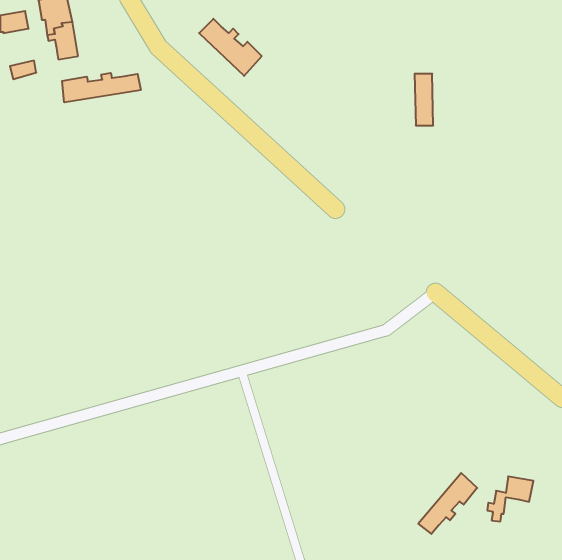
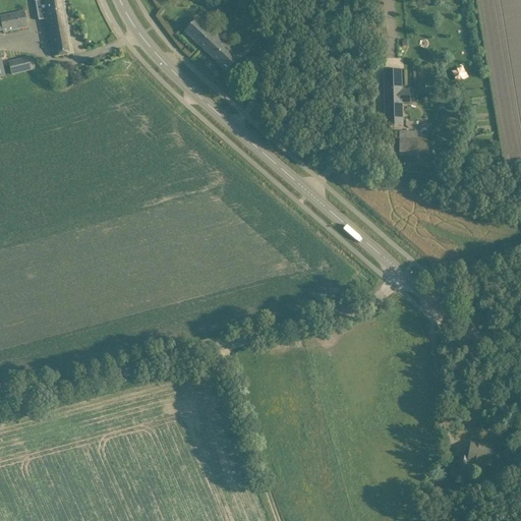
building: [62,73,141,102] -> none
building: none -> [399,129,427,151]
building: [418,473,477,534] -> none

